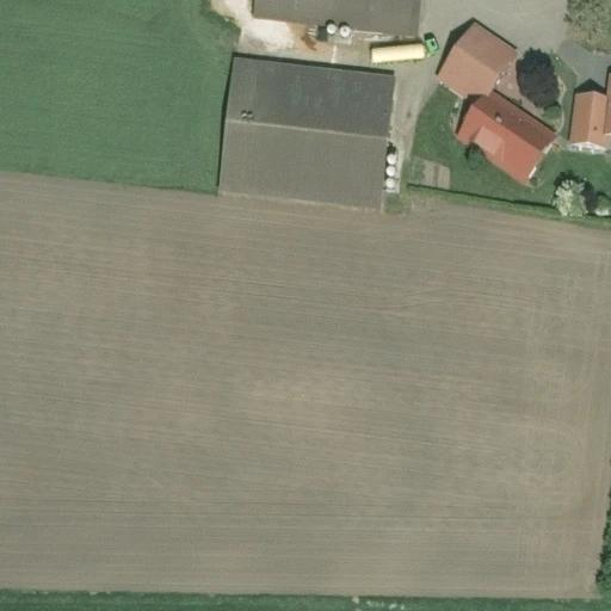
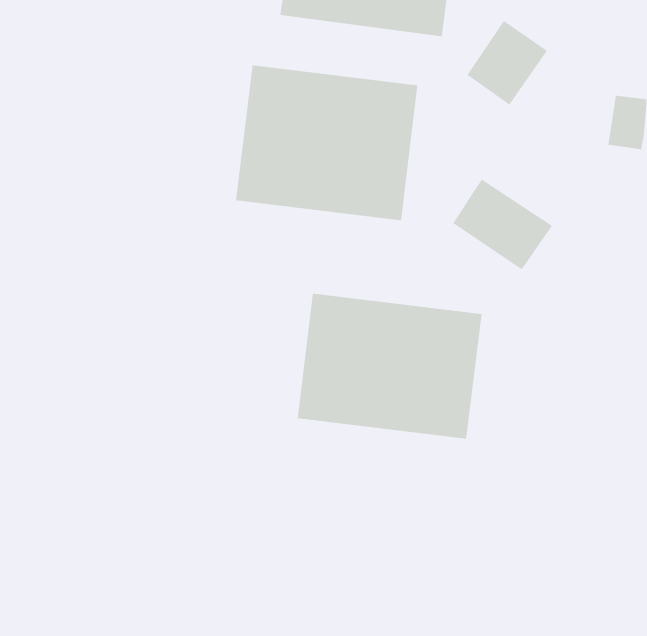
building: [459,87,554,173] -> [452,179,553,270]
building: none -> [297,293,482,440]

